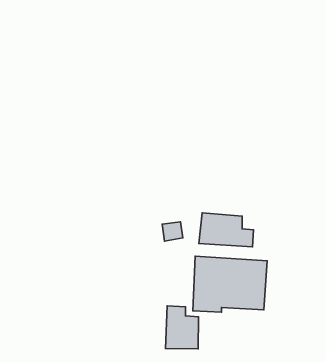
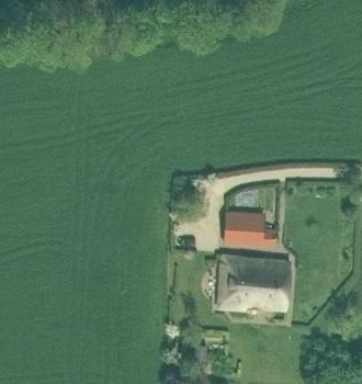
building: [165,306,199,349] -> none

